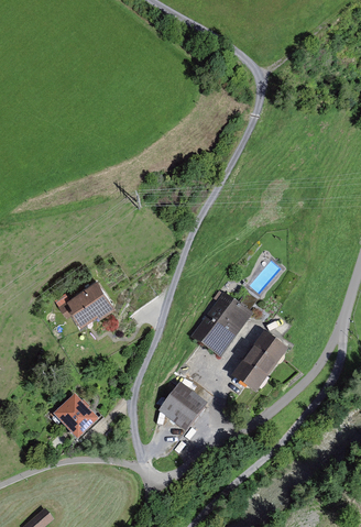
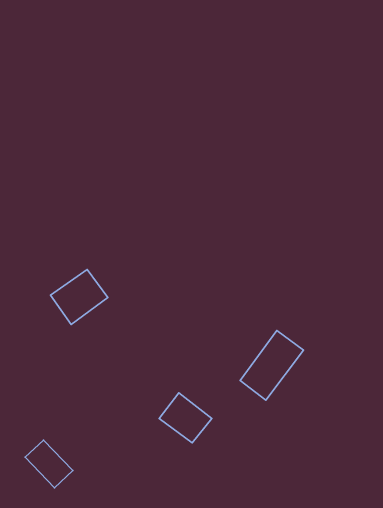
building: [198,299,251,358] -> none
building: [54,399,97,442] -> [25,440,73,488]

